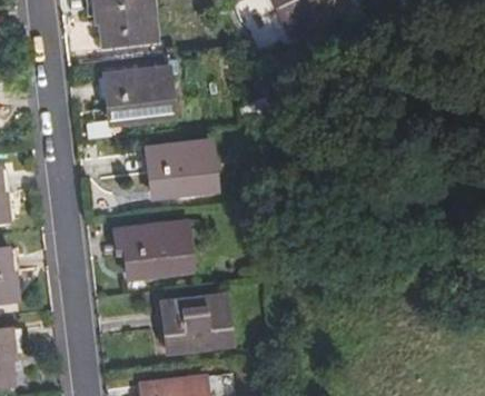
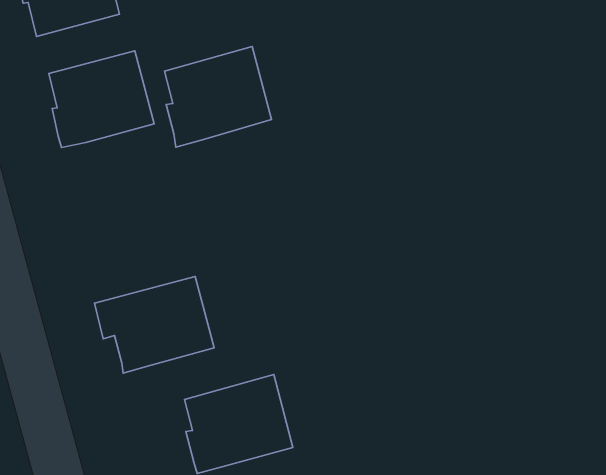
building: [148,138,216,197] -> [165,46,271,147]

